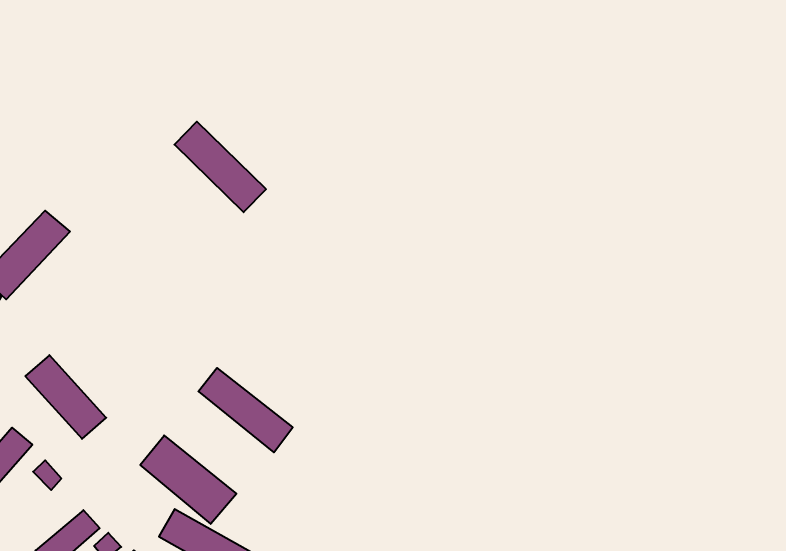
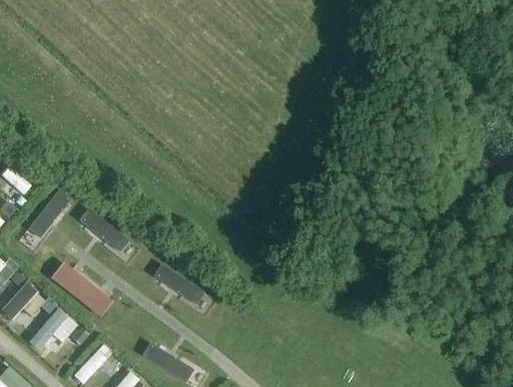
building: [174,122,266,212] -> [79,208,132,255]
building: [140,435,236,524] -> none

